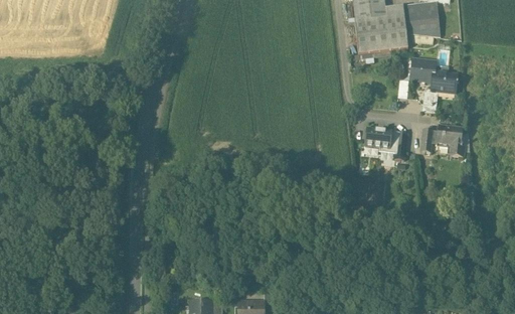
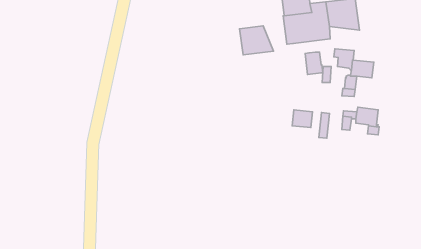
building: none -> [240,26,274,55]
building: none -> [305,52,323,74]

